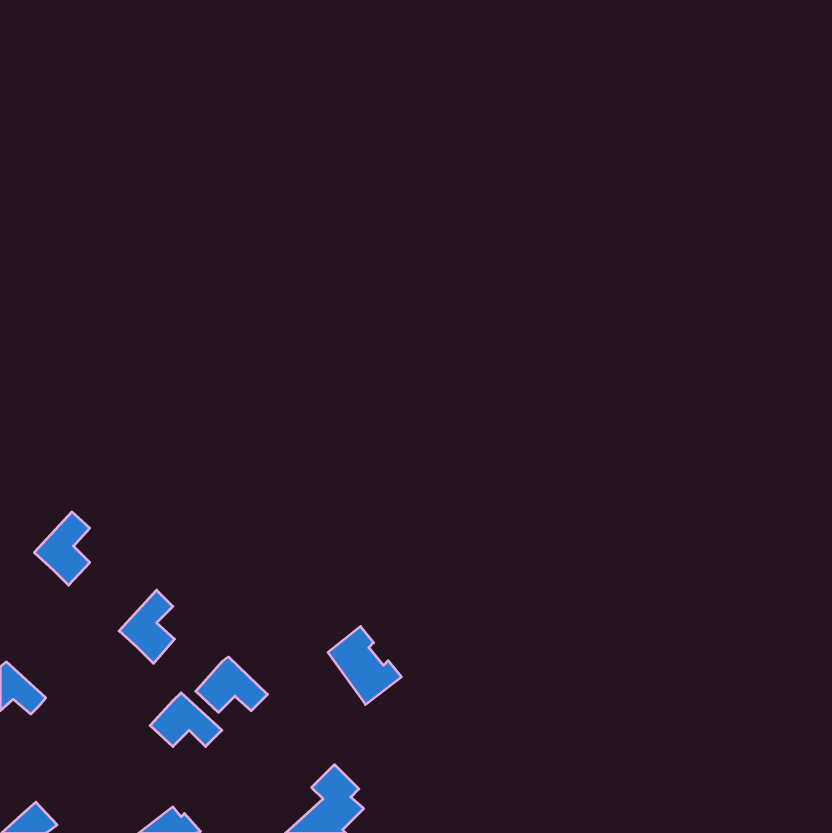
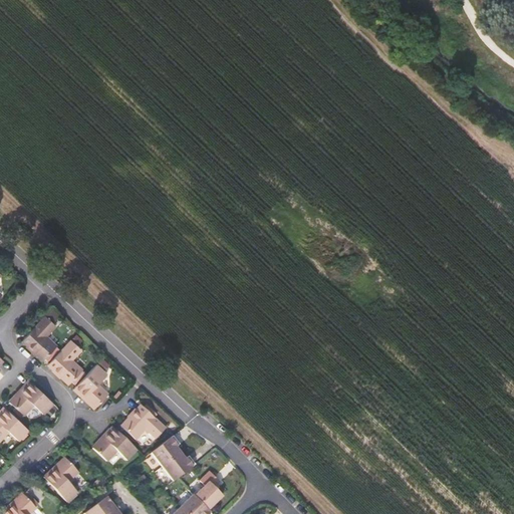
building: none -> [48,339,82,384]
building: none -> [10,380,54,415]
building: [328,626,401,705] -> [151,433,196,481]
building: none -> [44,458,78,502]

